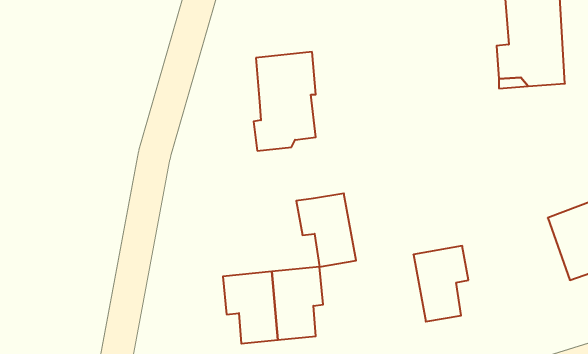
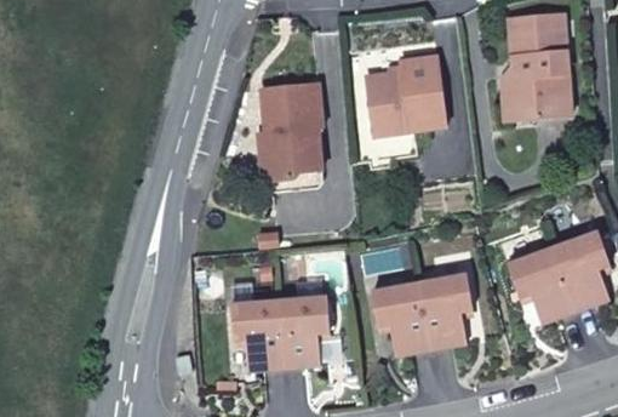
building: none -> [365,51,446,132]
building: [296,193,356,267] -> [372,285,431,358]
building: none -> [507,249,574,324]

